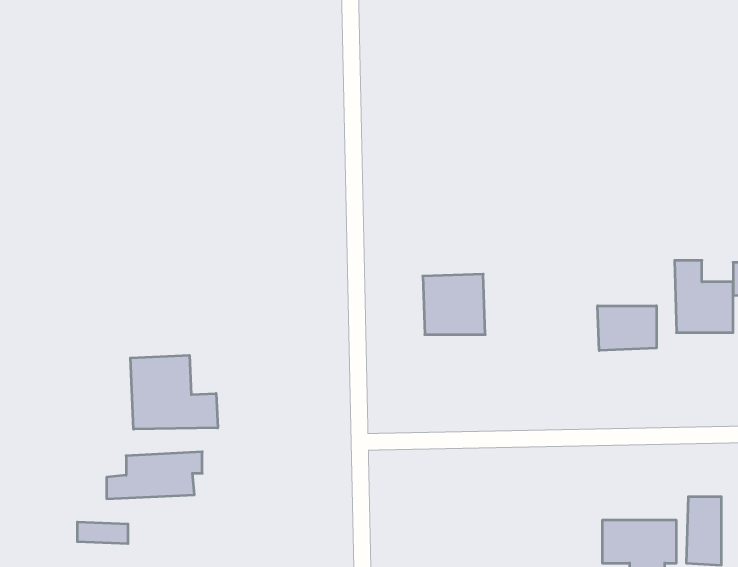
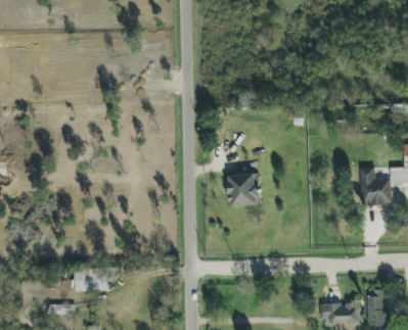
building: [598,306,656,351] -> none
building: [130,355,218,429] -> none

